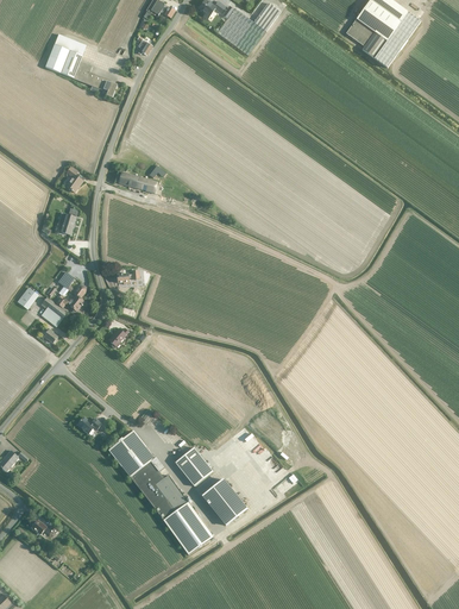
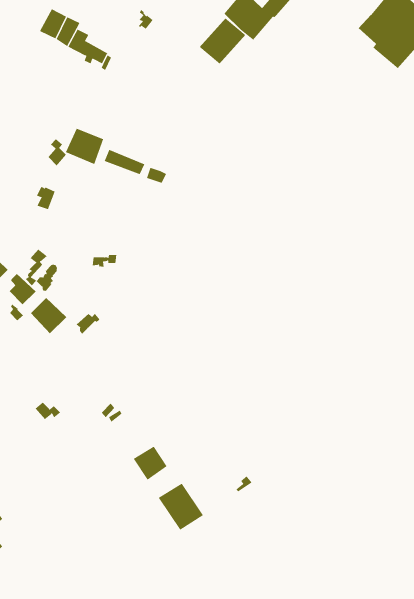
building: none -> [199,18,246,64]
building: none -> [65,128,104,165]
building: none -> [30,297,67,334]
building: [107,429,213,553] -> none

